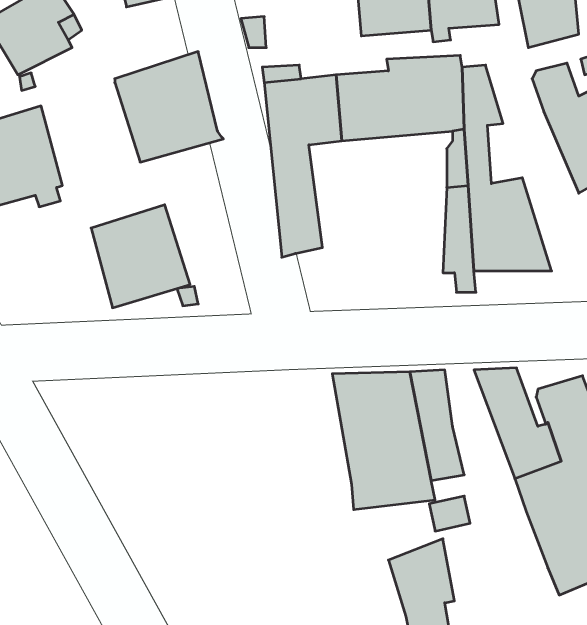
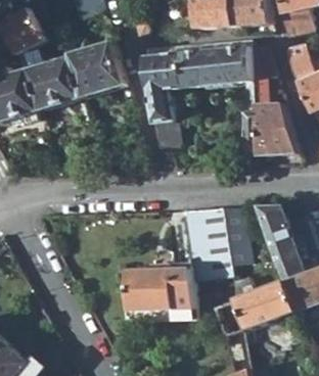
building: [91,205,190,308] -> [29,56,81,110]
building: none -> [129,268,195,311]
building: none -> [240,282,295,329]

